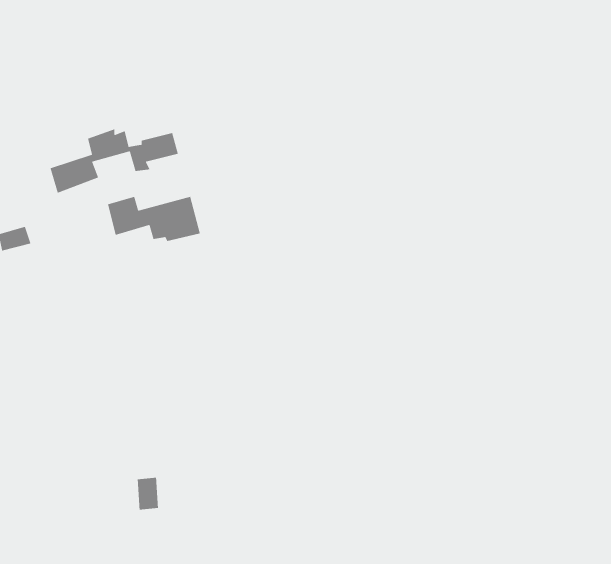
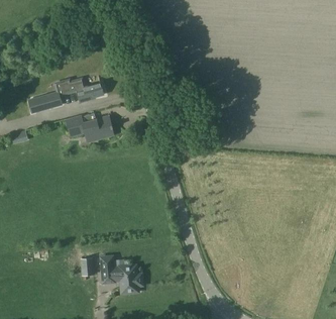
building: none -> [100,254,141,291]

